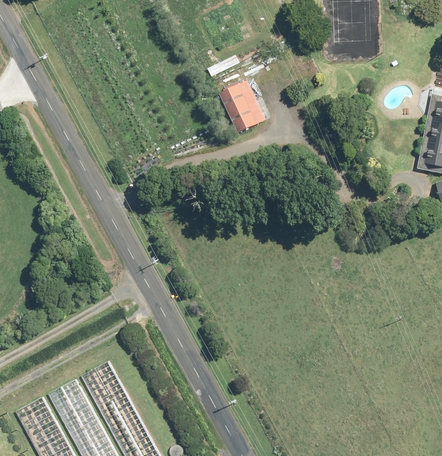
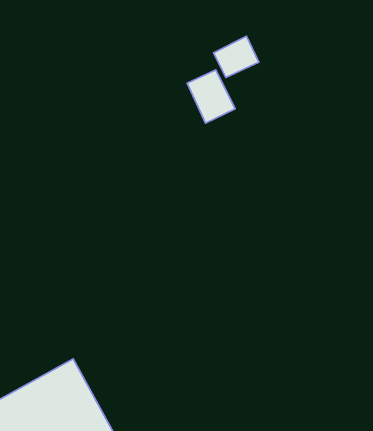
building: none -> [214,36,259,77]

